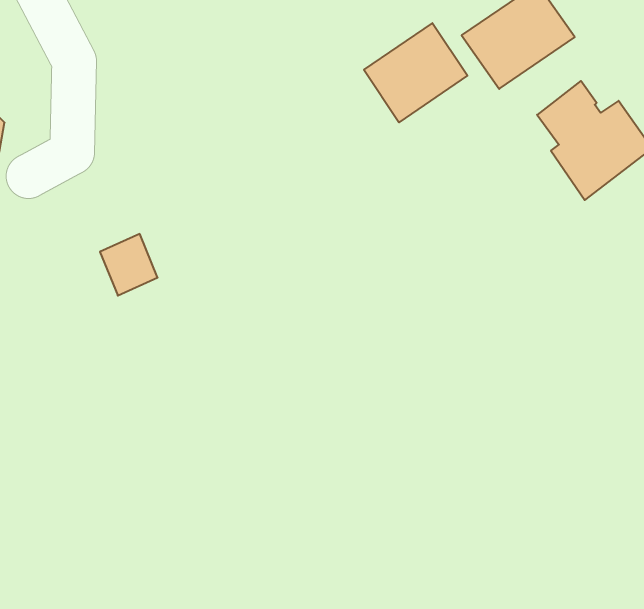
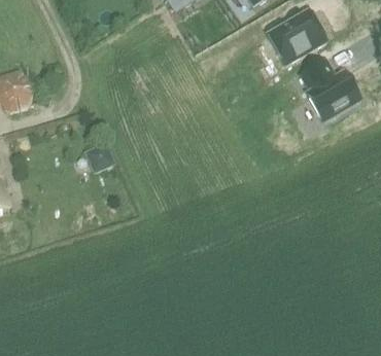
building: [364,23,467,122] -> none

